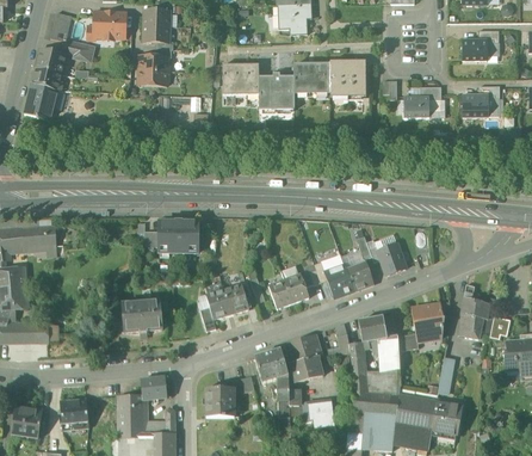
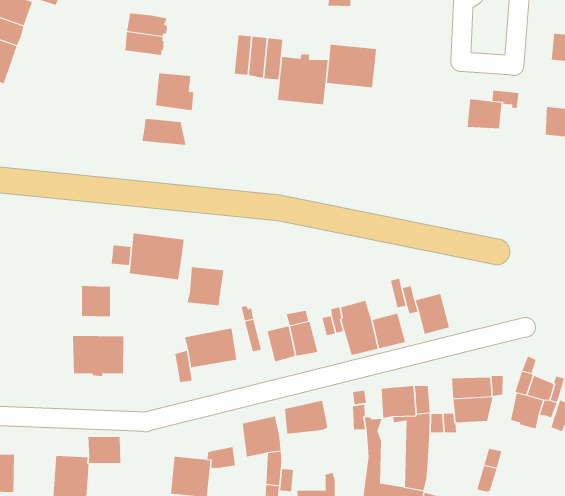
building: [329,60,365,97] -> none
building: none -> [142,118,186,146]
building: none -> [187,267,224,306]
building: none -> [81,285,111,317]
building: [290,356,321,380] -> none

